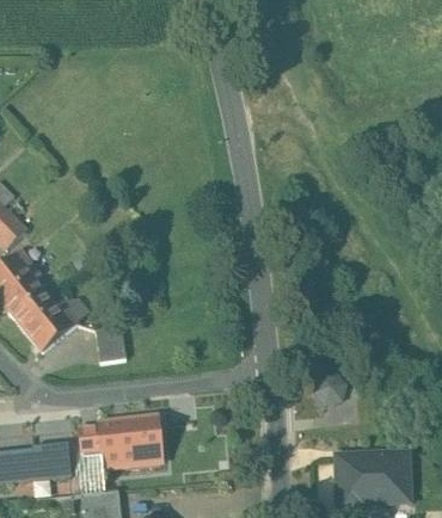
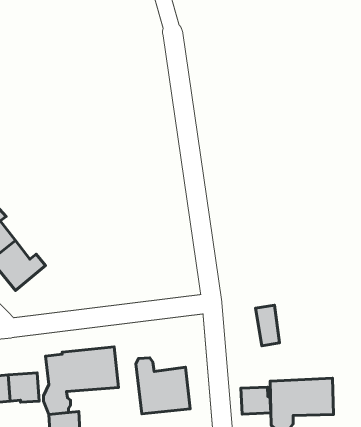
building: [94,325,124,358] -> none
building: none -> [136,358,190,414]
building: none -> [241,387,271,414]

